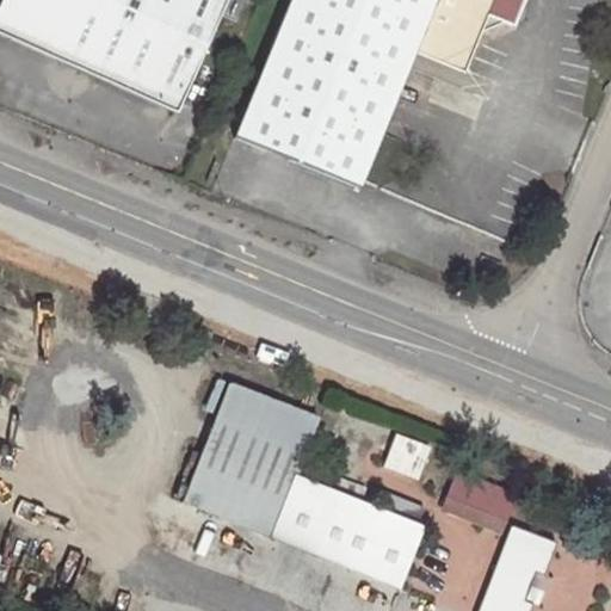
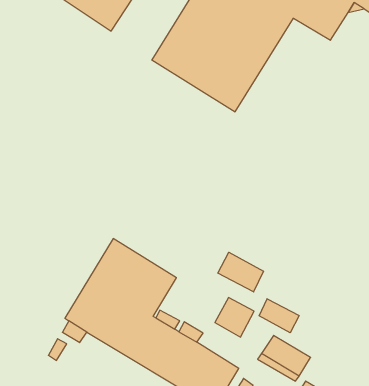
building: none -> [218,252,263,292]
building: none -> [259,299,299,333]

